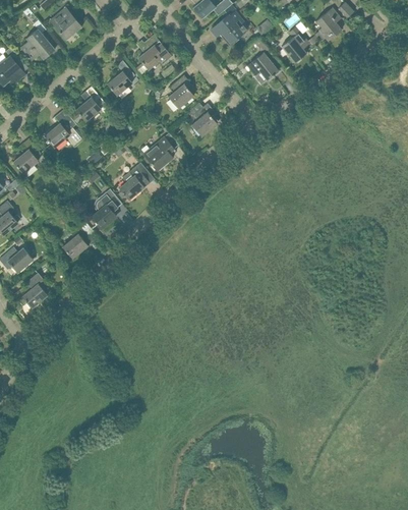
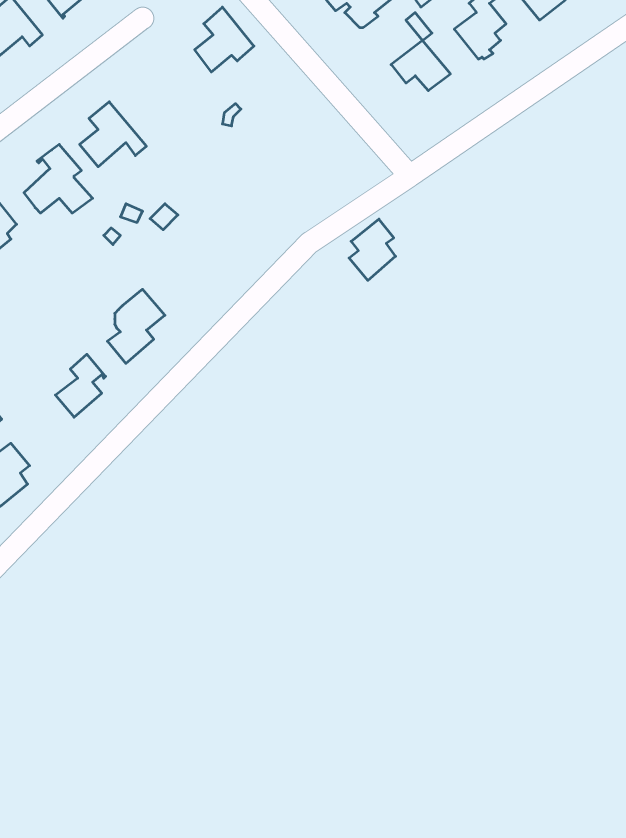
building: [107,60,134,95] -> none
building: [168,74,193,108] -> none
building: [191,103,217,136] -> [349,219,396,280]
building: [143,136,174,170] -> none
building: [119,162,152,200] -> none

